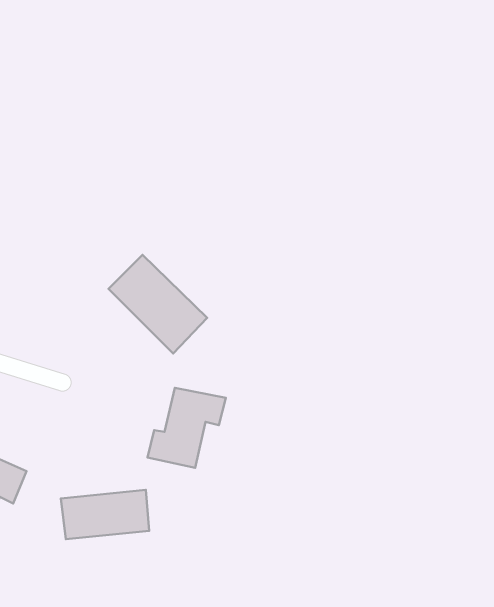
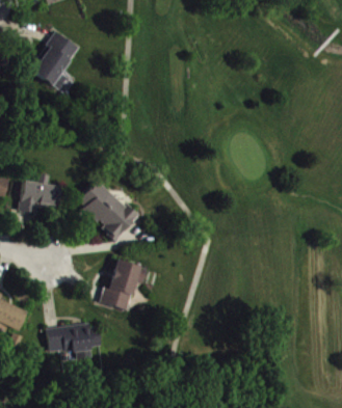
building: none -> [30,32,79,89]
building: none -> [20,173,60,213]

